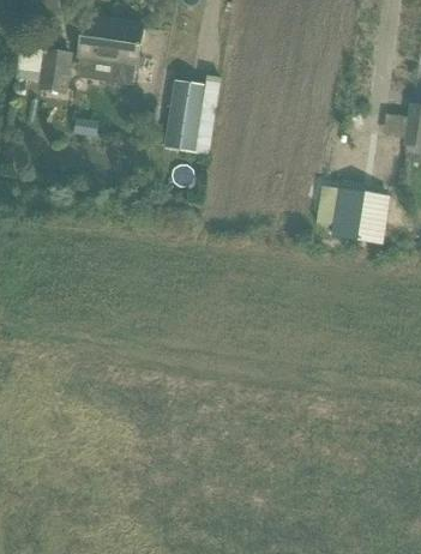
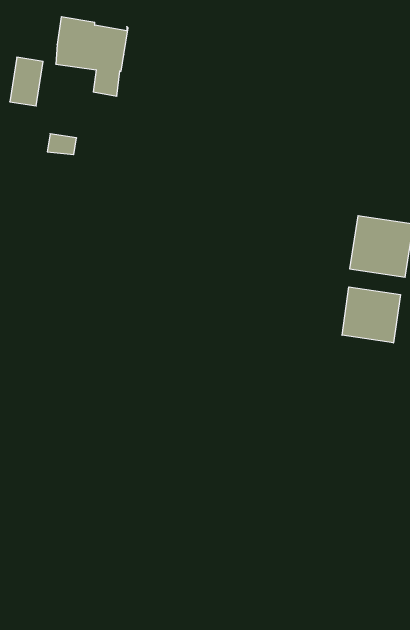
building: [163,80,203,152] -> none
building: none -> [342,287,400,343]

